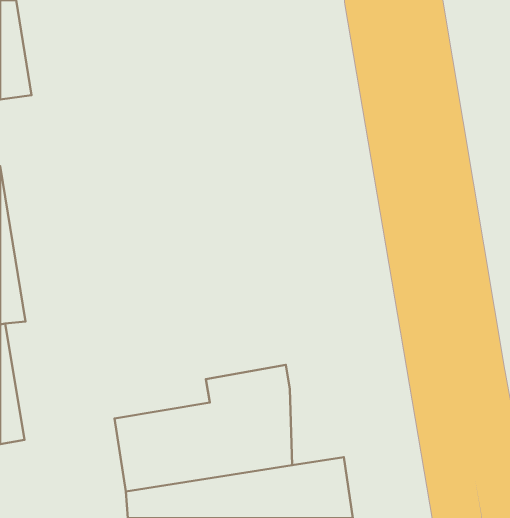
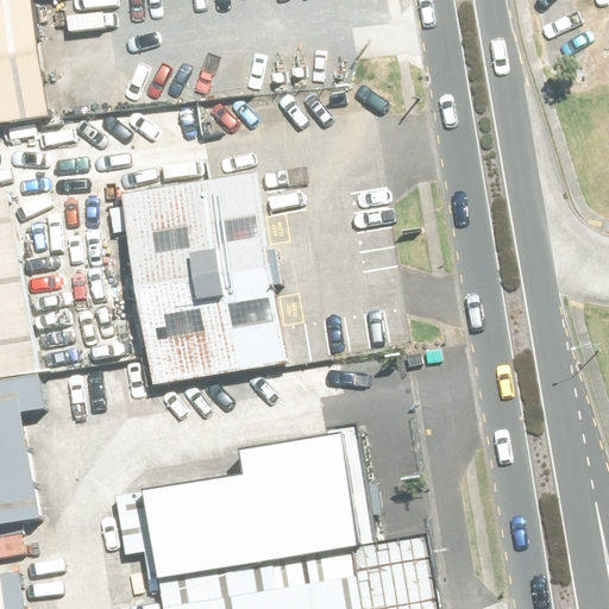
building: none -> [112,180,280,378]

